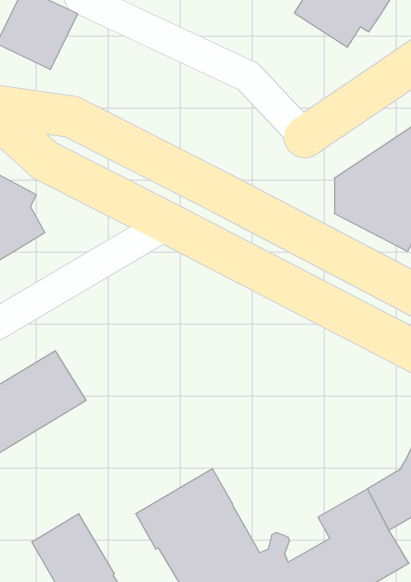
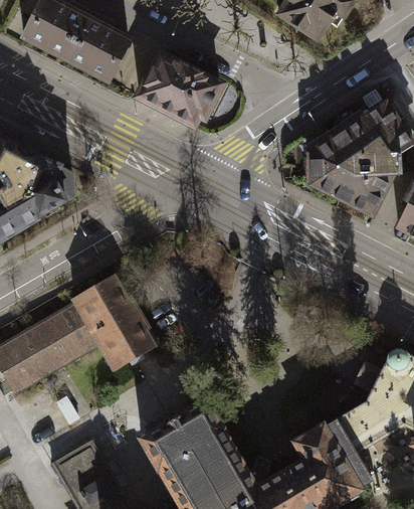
building: none -> [68,14,136,83]
building: none -> [139,56,219,125]
building: none -> [72,274,159,369]

